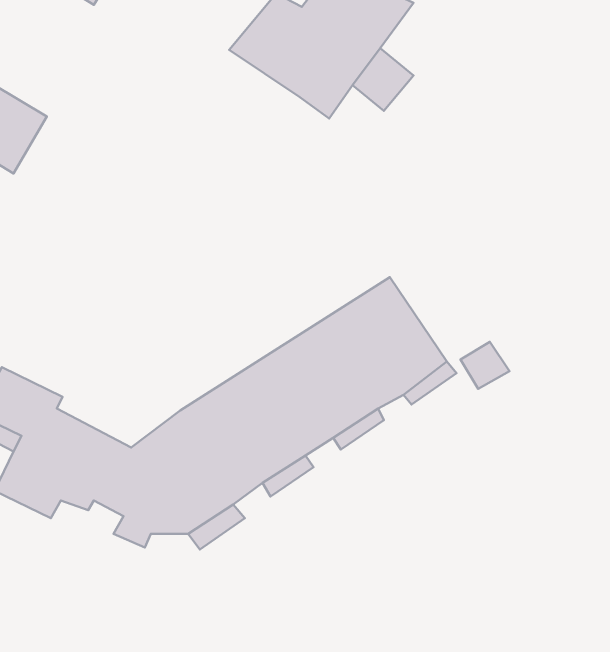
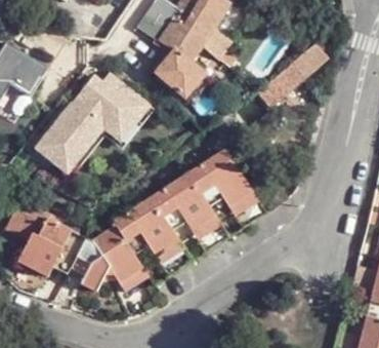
building: none -> [259,46,335,110]
building: none -> [161,54,208,100]
building: none -> [28,70,152,177]

